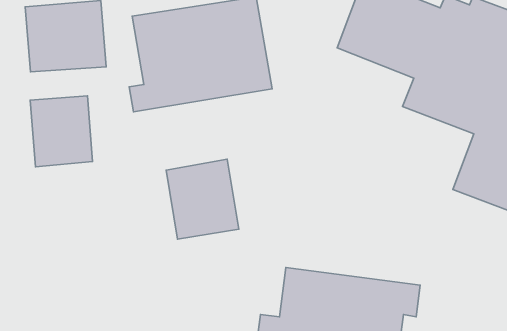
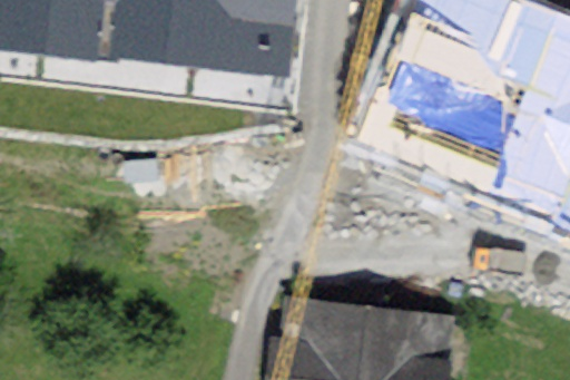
building: [30,96,93,167] -> none
building: [166,159,239,239] -> none

